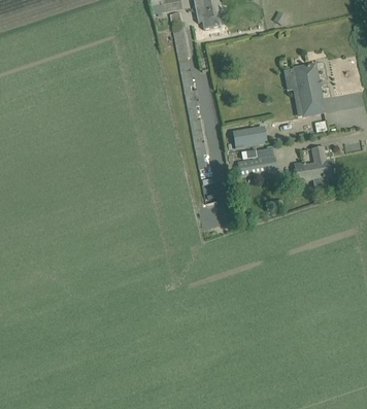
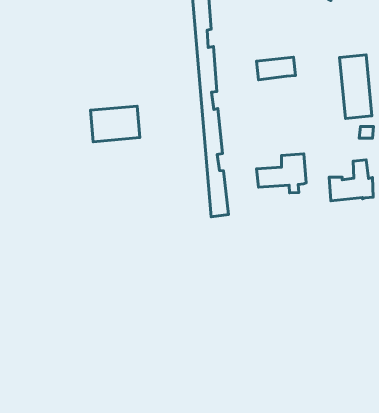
building: none -> [90,106,140,142]
building: [235,125,267,145] -> [256,57,296,80]

